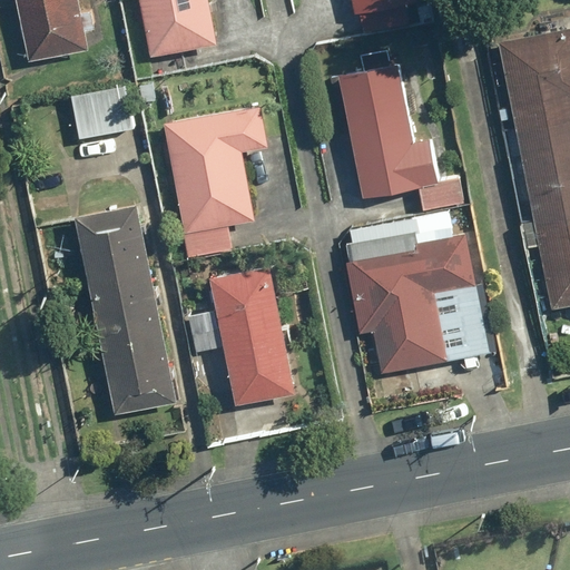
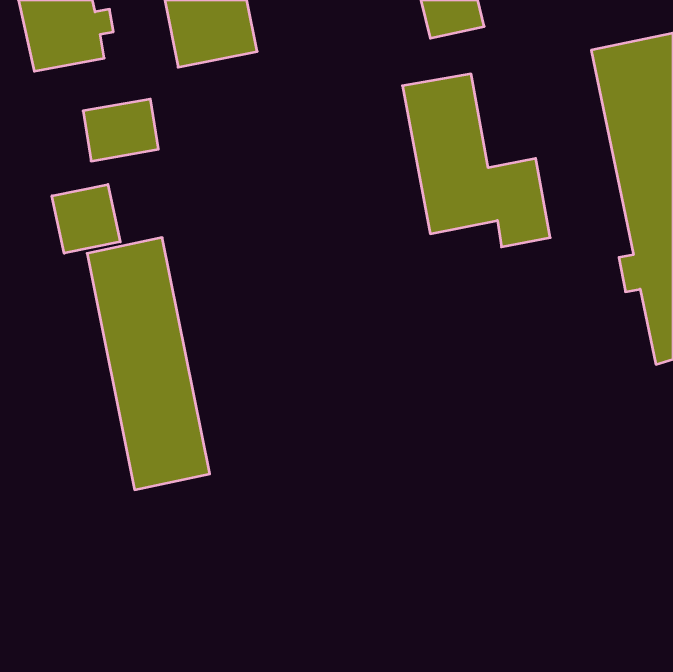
building: [164,106,267,257] -> none
building: none -> [52,184,120,253]
building: [344,236,470,371] -> none
building: [208,266,295,404] -> none

